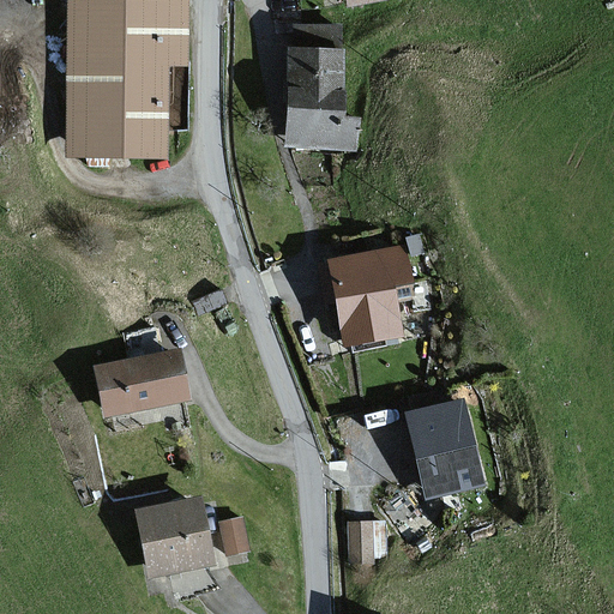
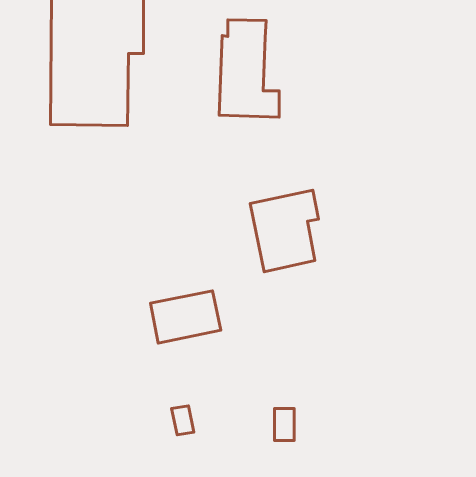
building: [95,349,185,416] -> [151,291,221,343]
building: [404,398,483,496] -> none
building: [138,500,211,580] -> none

